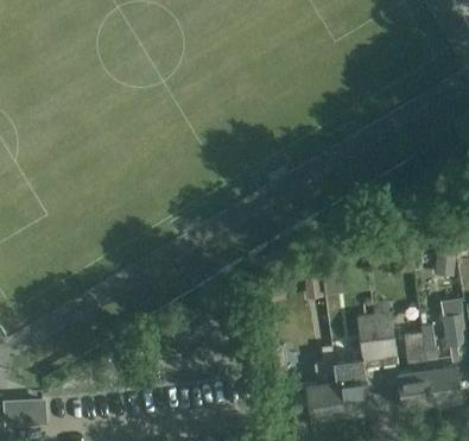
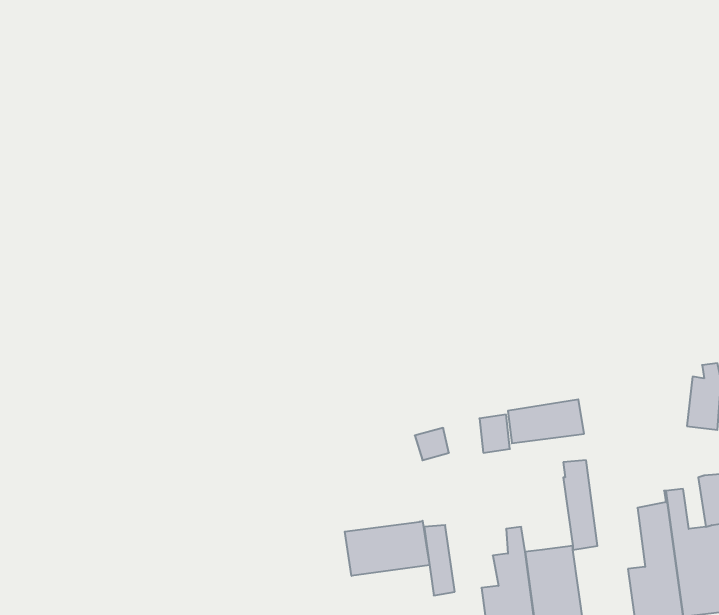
building: [372,302,397,359] -> none
building: none -> [345,521,430,576]

